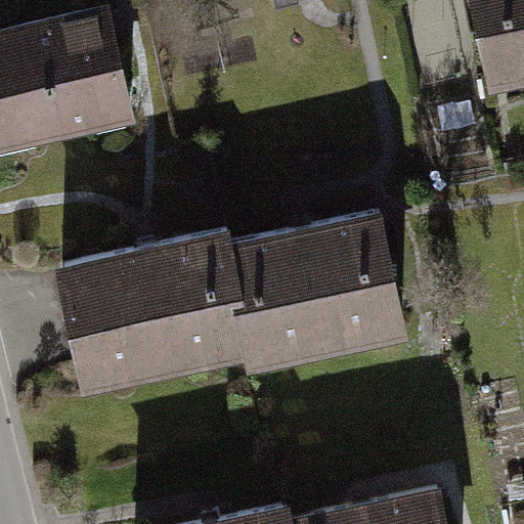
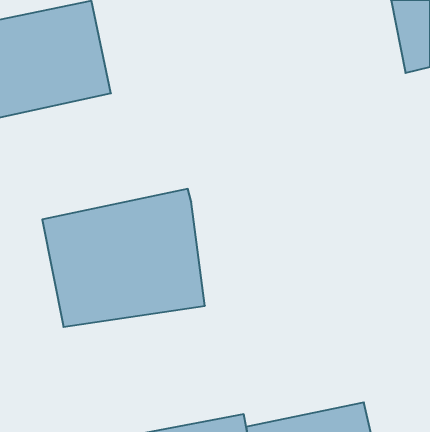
building: [231,216,408,370] -> none

